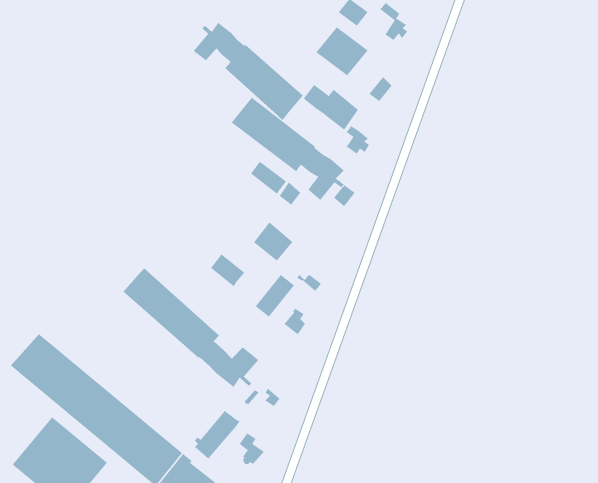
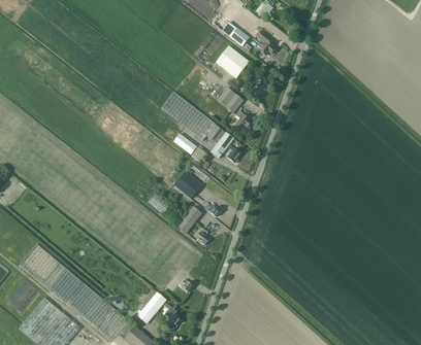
building: [193,22,303,121] -> none
building: [123,268,259,388] -> none

